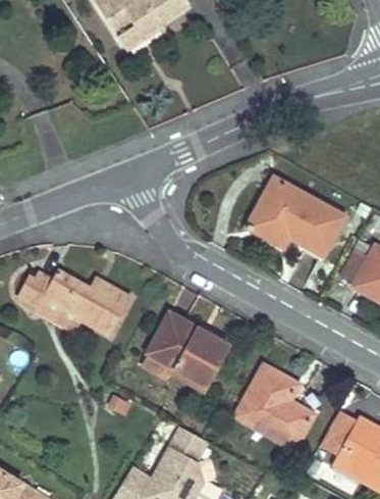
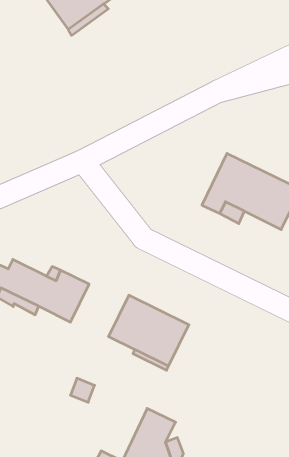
building: [234,365,312,449] -> none

